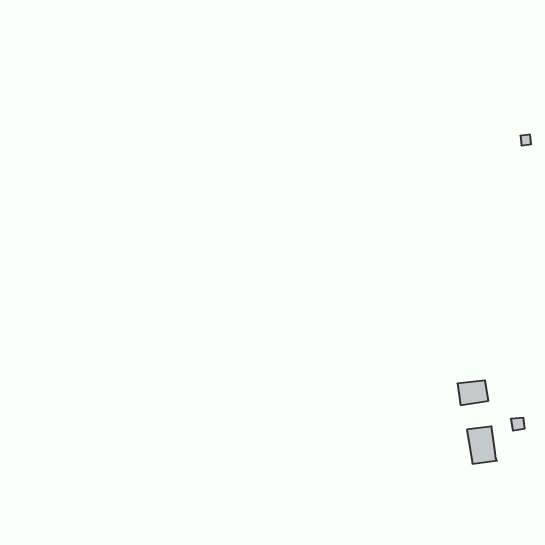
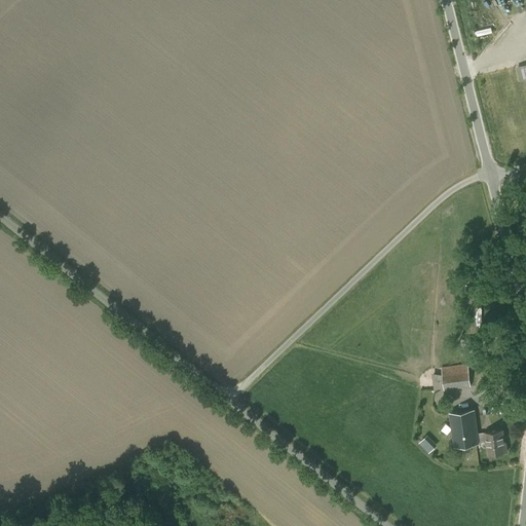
building: none -> [476,430,506,455]

